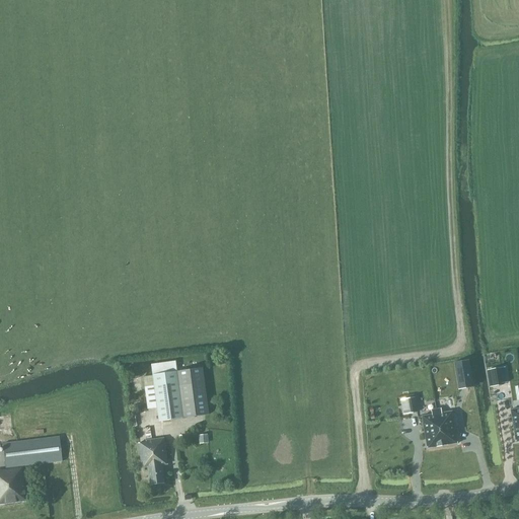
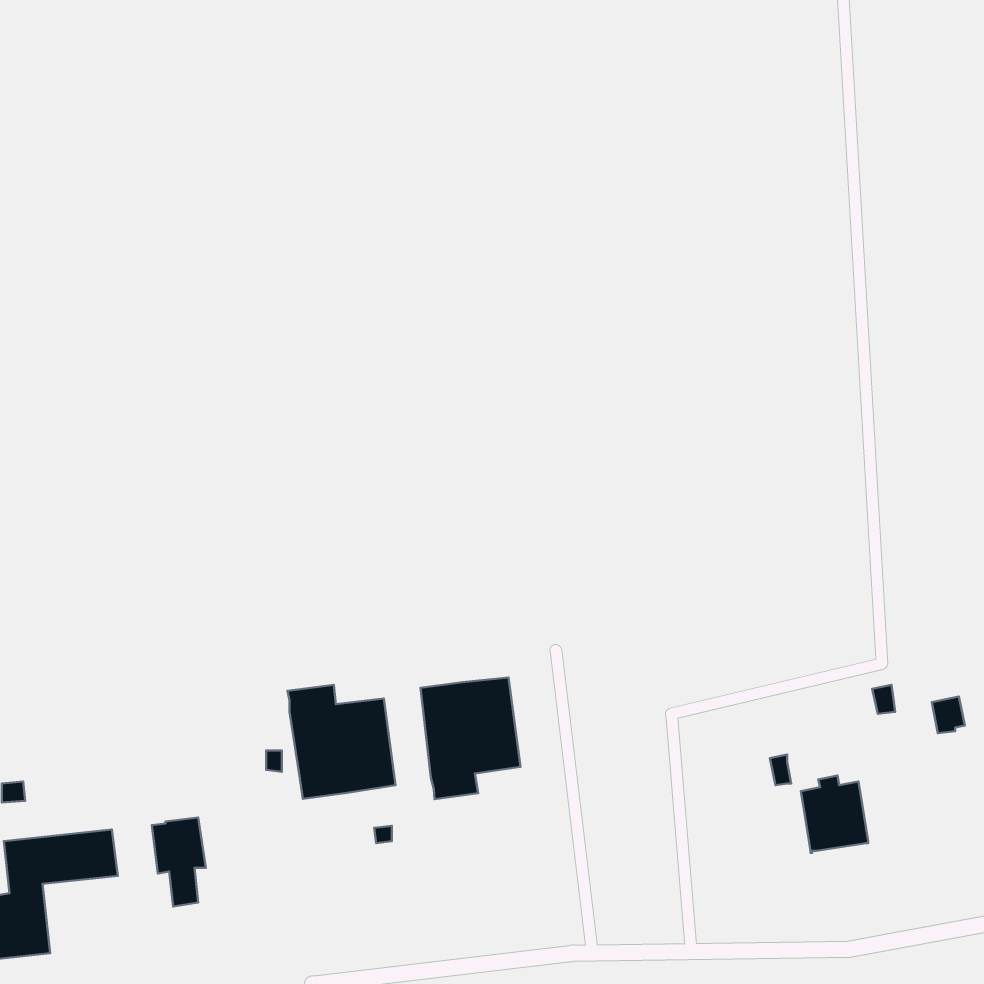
building: none -> [421,677,520,799]
building: [139,437,167,484] -> [152,818,206,906]

